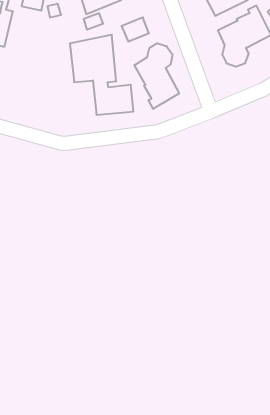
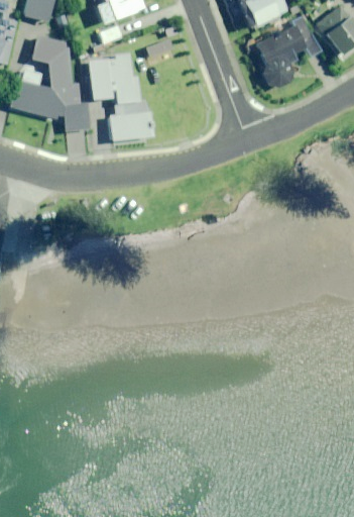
building: none -> [13,36,88,131]
building: [134,43,179,109] -> none

